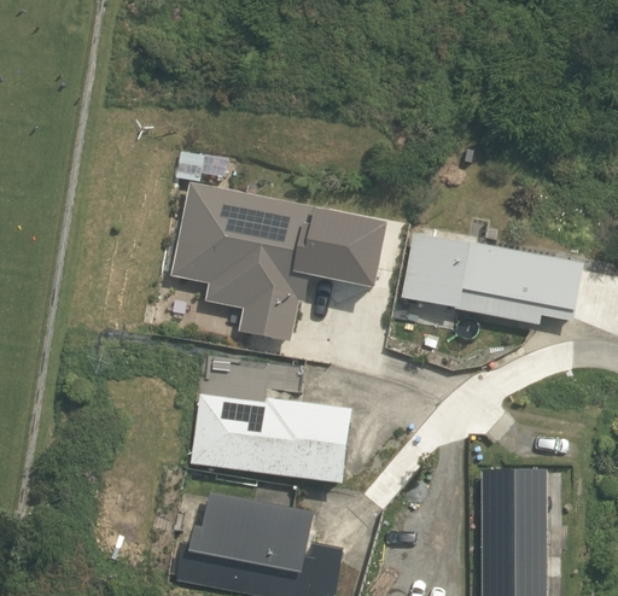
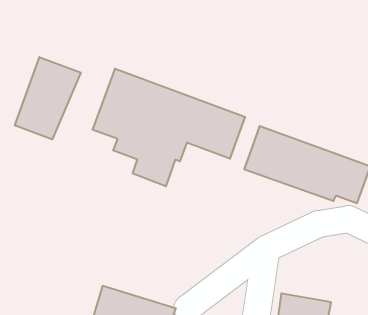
building: none -> [15,57,81,139]
building: [194,398,351,484] -> none

